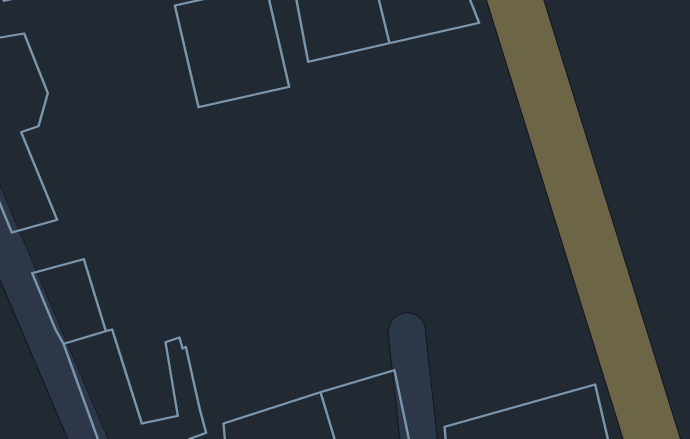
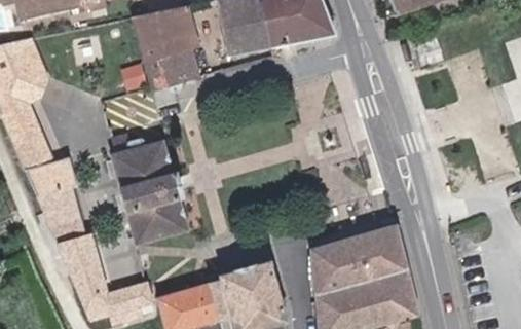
building: none -> [111,139,187,246]
building: none -> [25,157,80,196]
building: none -> [303,225,407,297]

